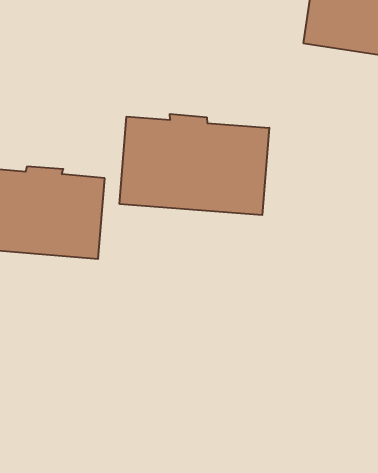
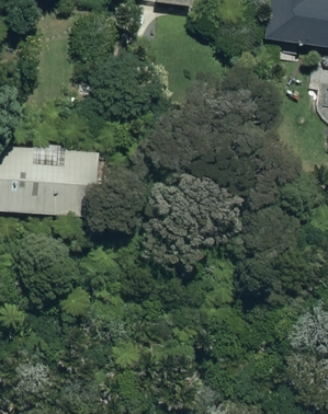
building: [120,114,269,215] -> none

